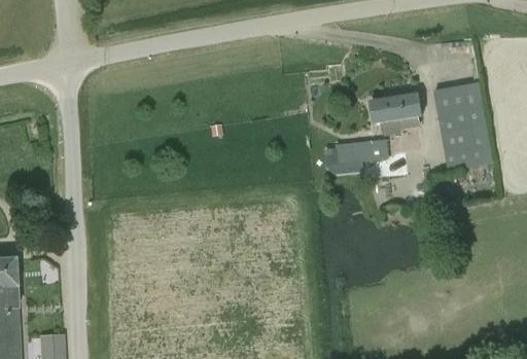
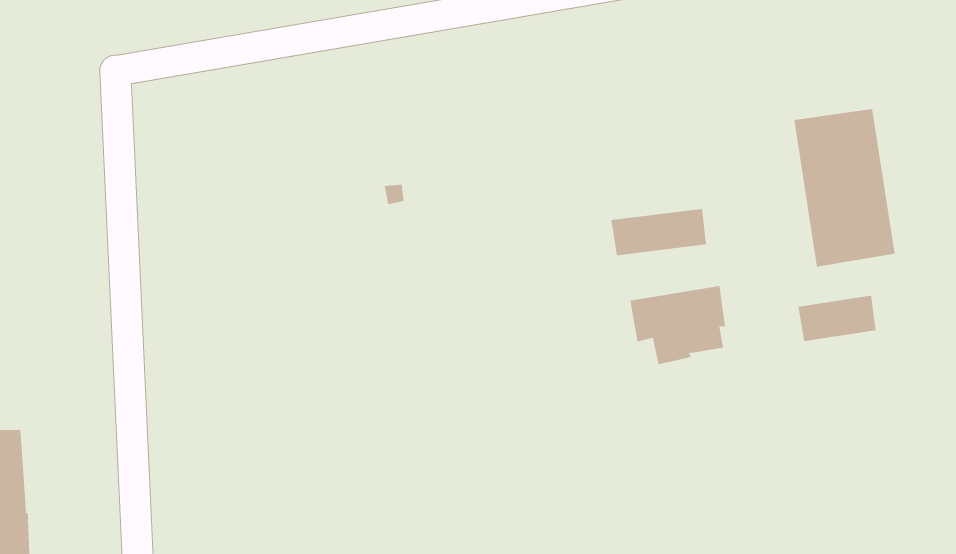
building: [368,93,421,136] -> [629,285,726,365]
building: none -> [798,295,876,342]

